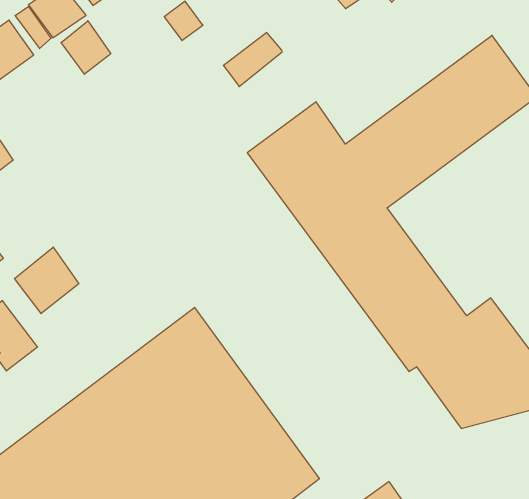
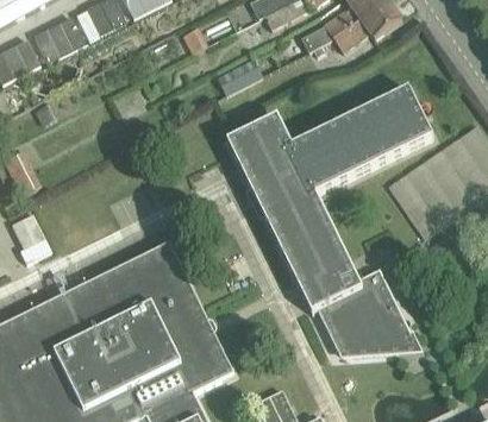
building: [61,21,111,74] -> none
building: [15,247,79,314] -> none

